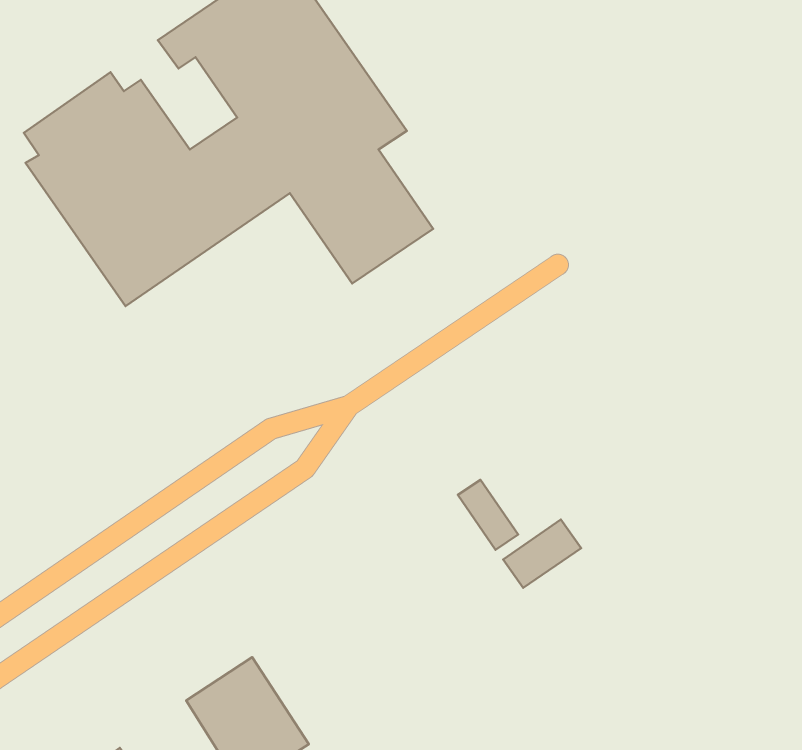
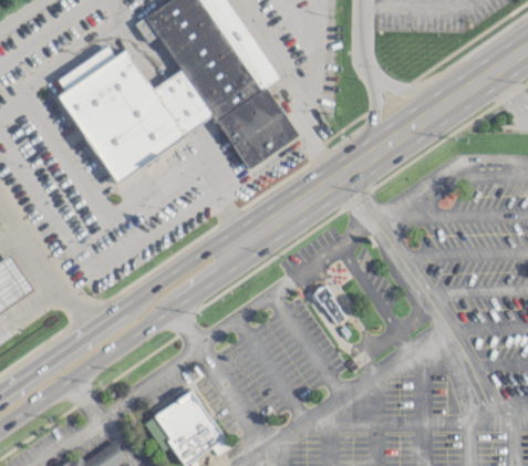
building: [503,520,581,588] -> none

